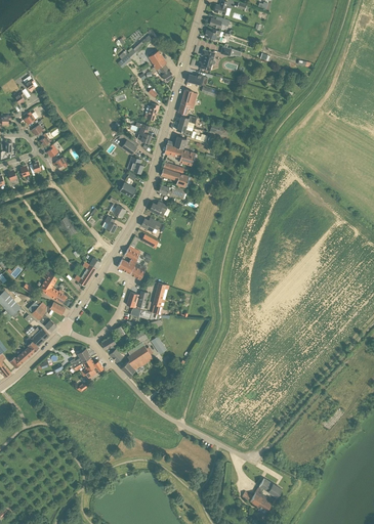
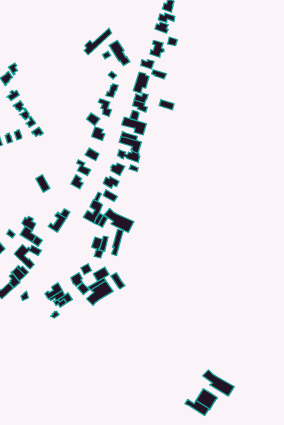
building: none -> [104,209,134,232]
building: none -> [203,370,234,396]

